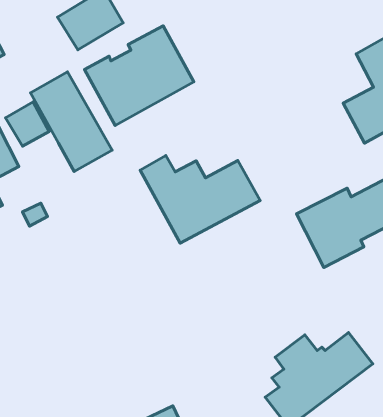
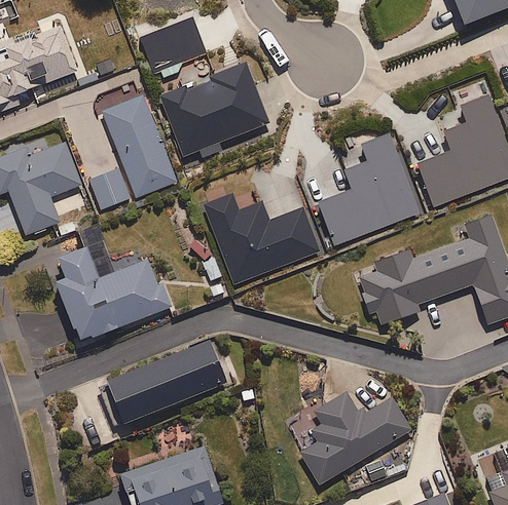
building: none -> [318,133,420,245]
building: [6,102,49,146] -> [90,167,133,210]
building: none -> [56,247,172,342]
building: none -> [104,339,228,427]

